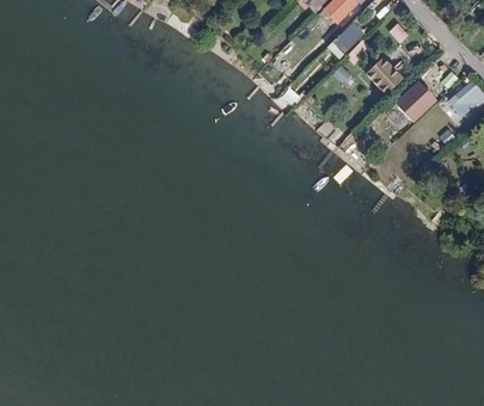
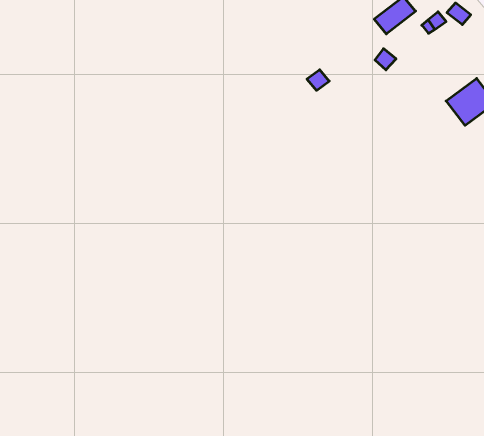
building: [367,59,403,94] -> none

